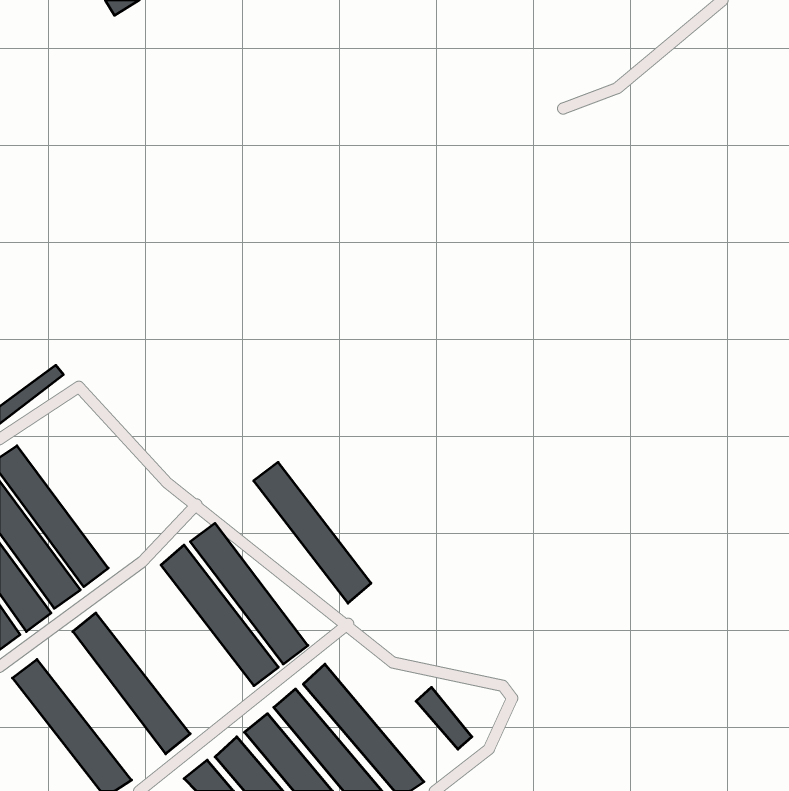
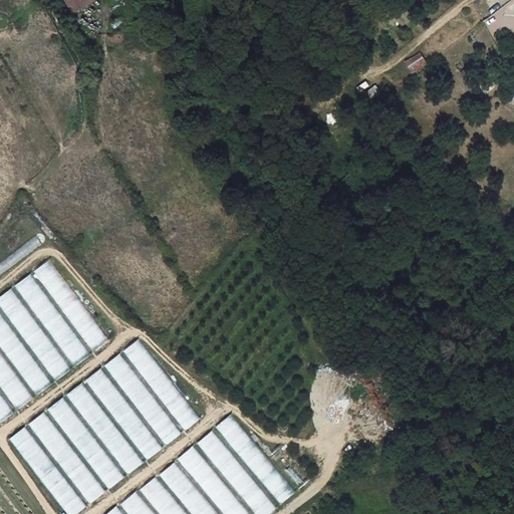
building: none -> [34,259,109,351]
building: none -> [15,274,90,366]
building: [254,462,371,603] -> [84,368,161,460]
building: none -> [65,383,142,474]
building: none -> [28,413,104,503]
building: none -> [216,415,294,503]

